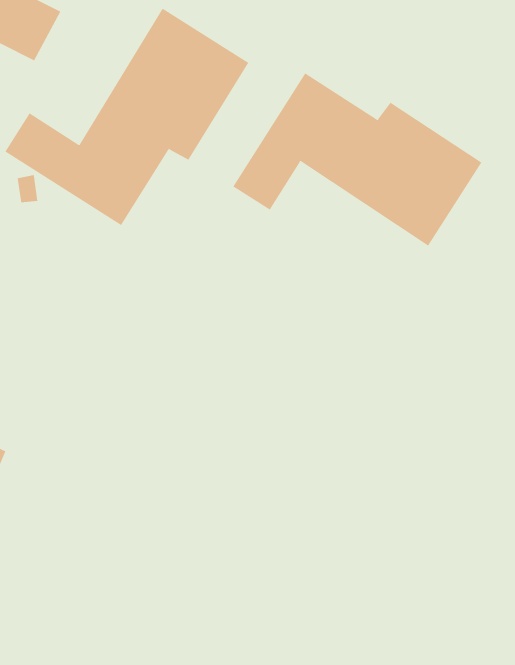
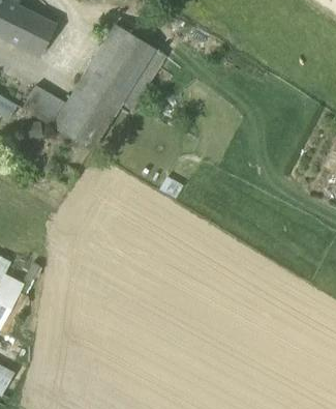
building: [232,73,482,247] -> none

